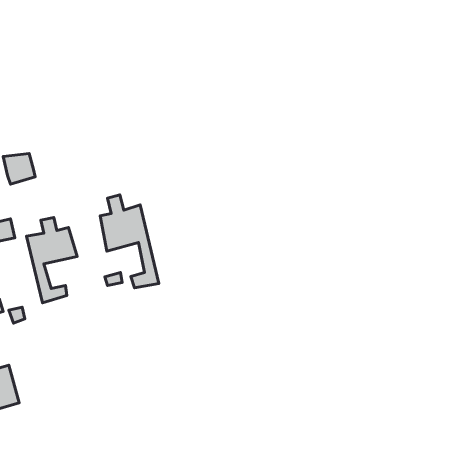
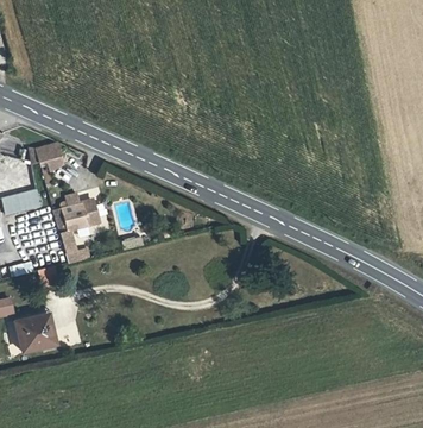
building: [100,195,159,288] -> none

